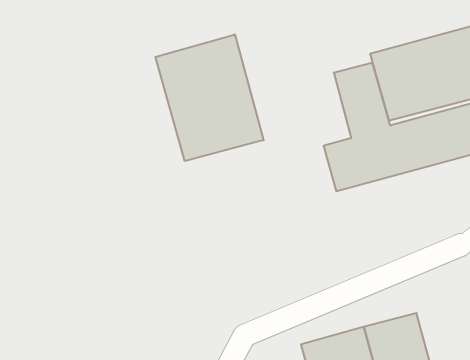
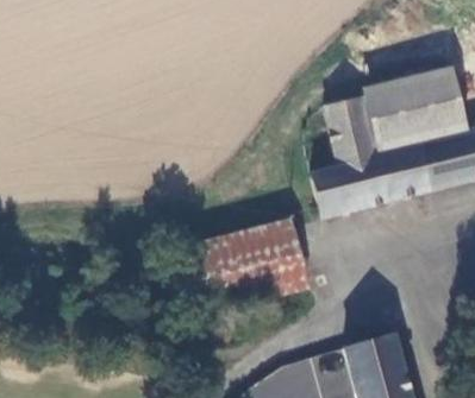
building: [155,34,264,161] -> none
building: none -> [179,220,310,317]

